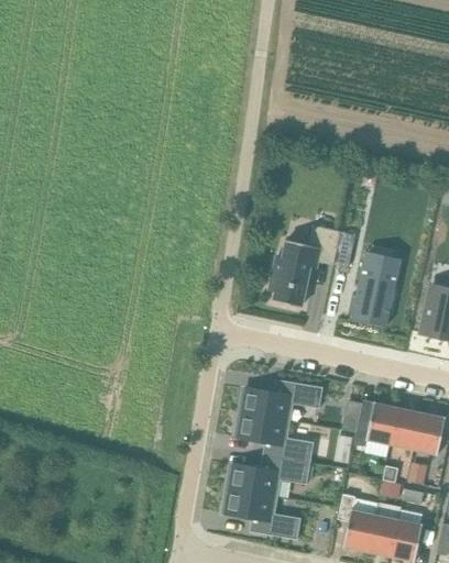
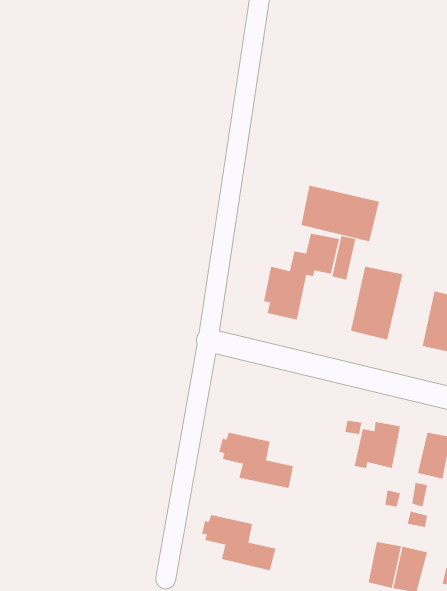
building: none -> [301,185,380,242]
building: [236,377,313,420] -> none
building: [393,406,425,450] -> none
building: [219,454,296,497] -> none
building: [340,497,377,552] -> none

